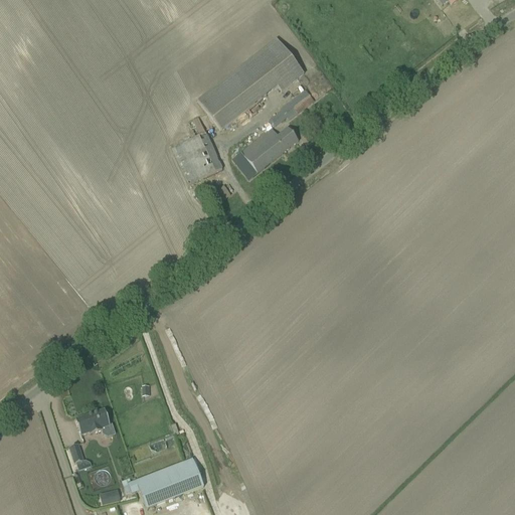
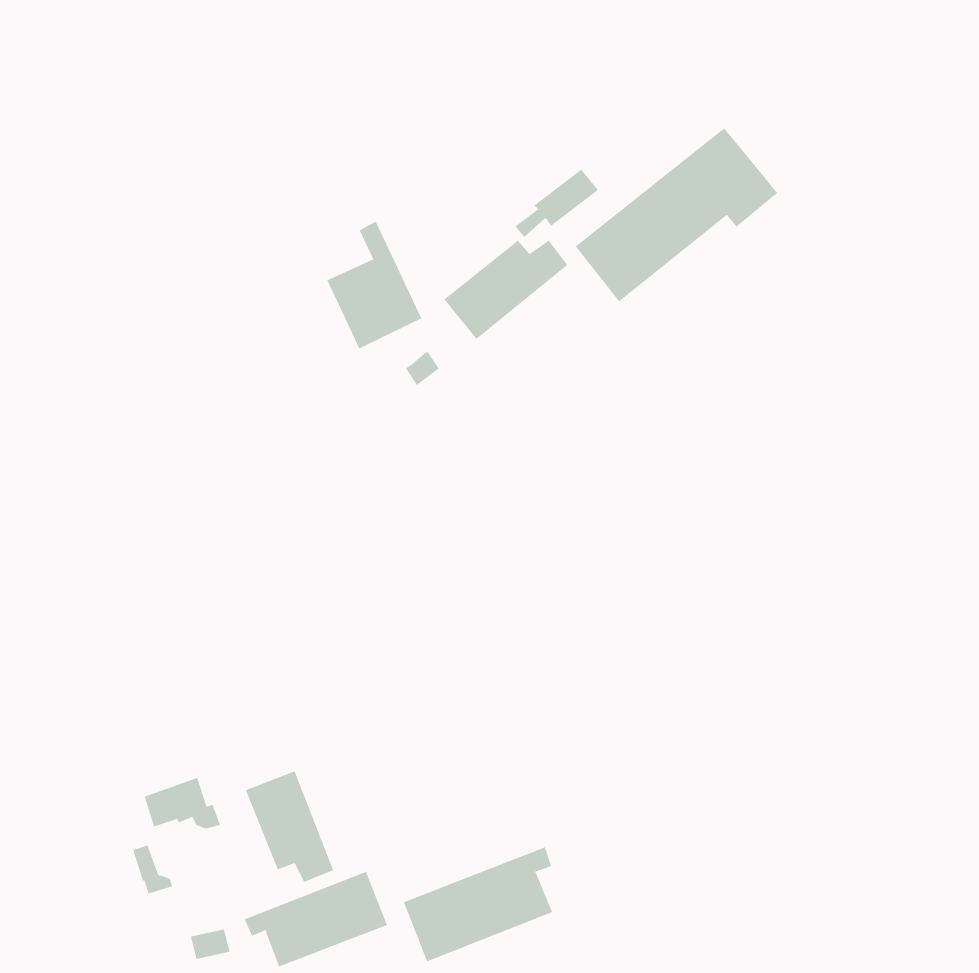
building: [198,37,305,129] -> [575,128,778,302]
building: none -> [245,770,334,883]
building: none -> [403,846,553,962]

